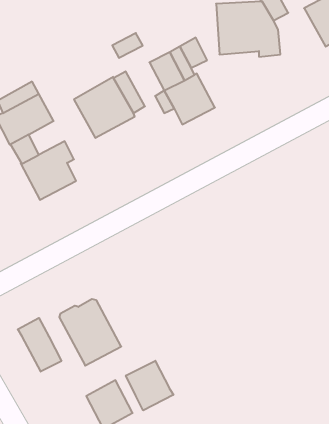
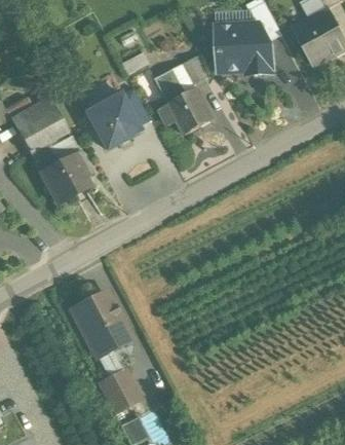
building: [18,318,61,372] -> none
building: [126,361,173,410] -> none

